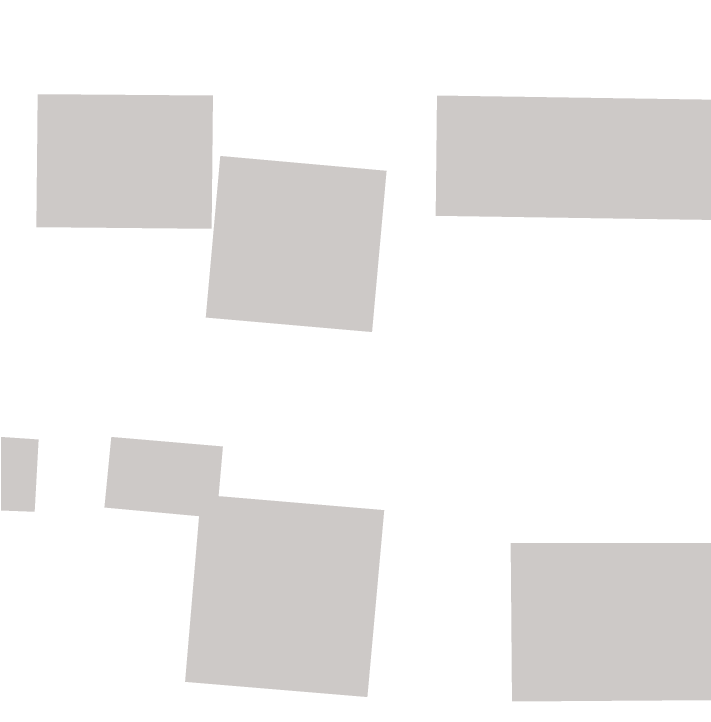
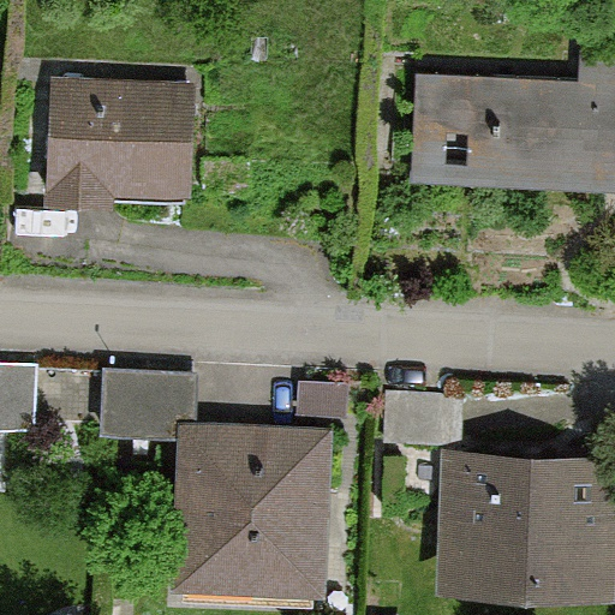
building: [205,155,387,333] -> none

